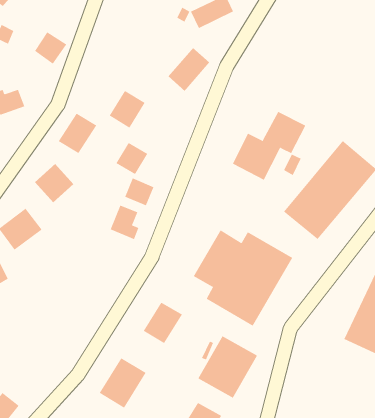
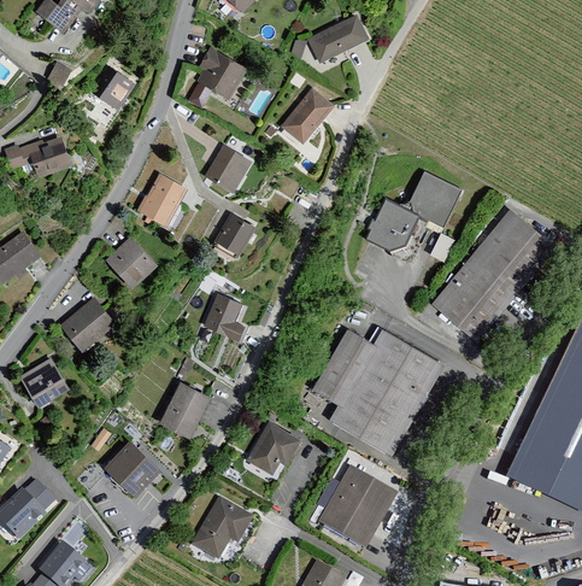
building: none -> [193,48,245,99]
building: [124,178,154,206] -> none
building: none -> [158,382,210,438]
building: none -> [102,439,160,497]

